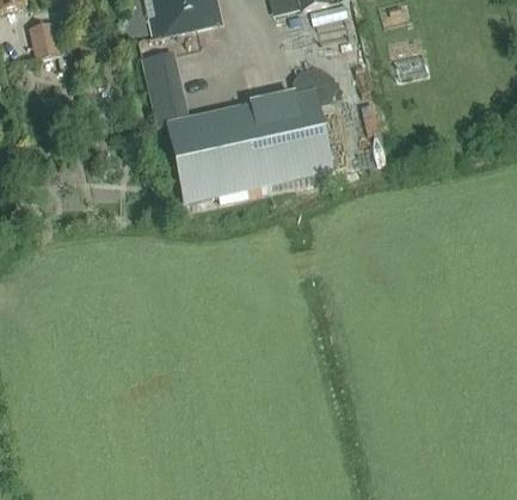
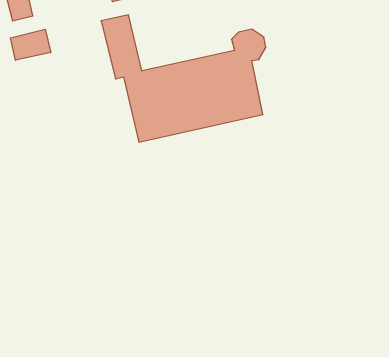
building: none -> [11,29,51,60]

